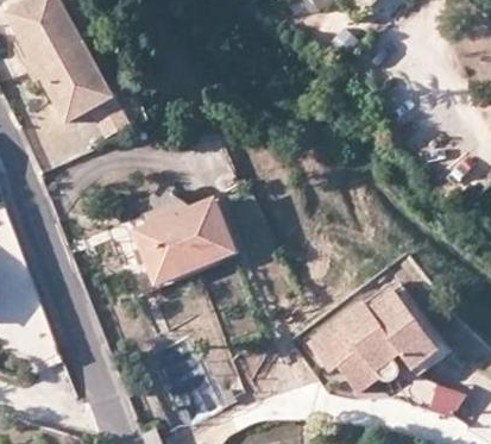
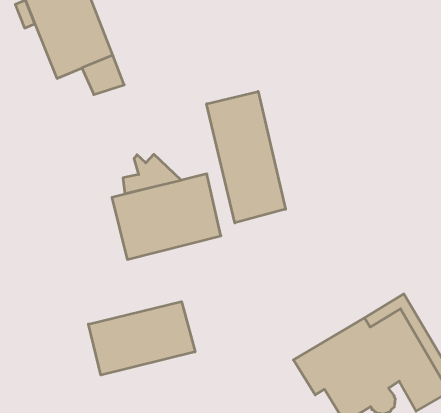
building: none -> [207,91,286,223]
building: none -> [88,302,195,375]

